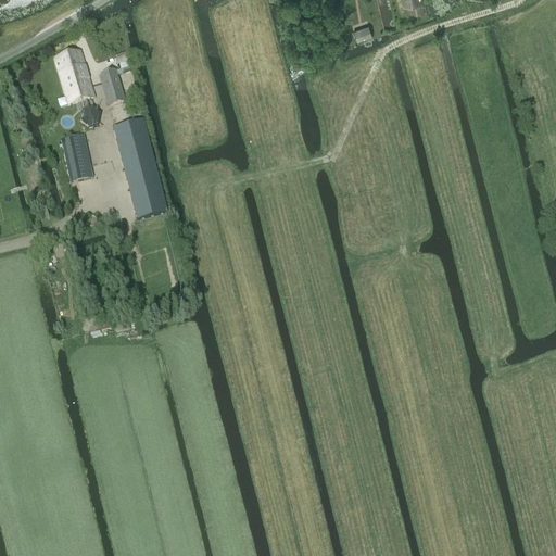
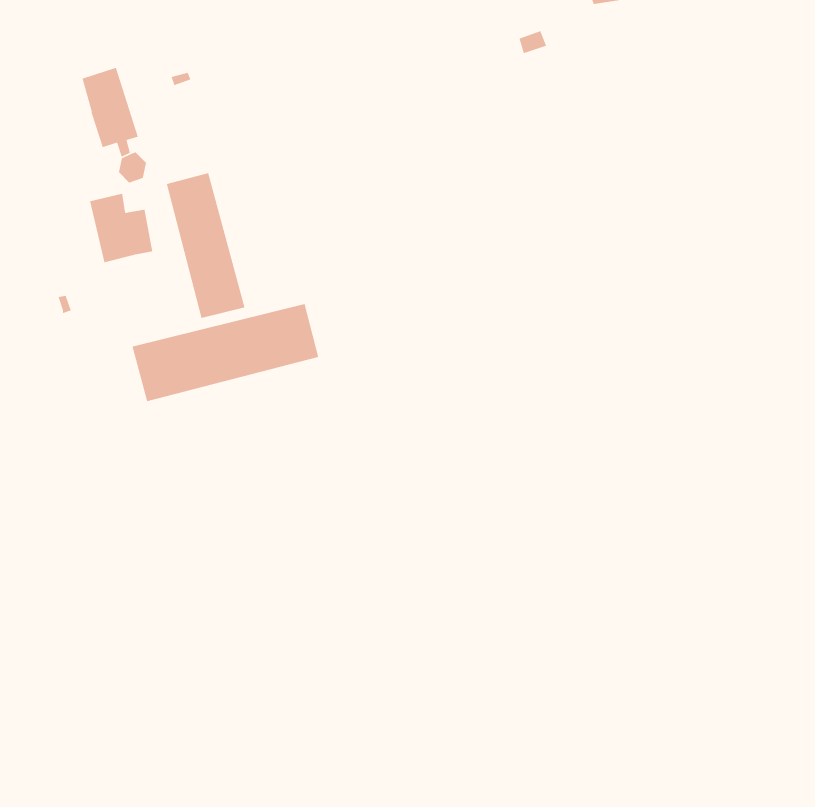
building: [99,66,125,102] -> none
building: none -> [132,303,319,402]

